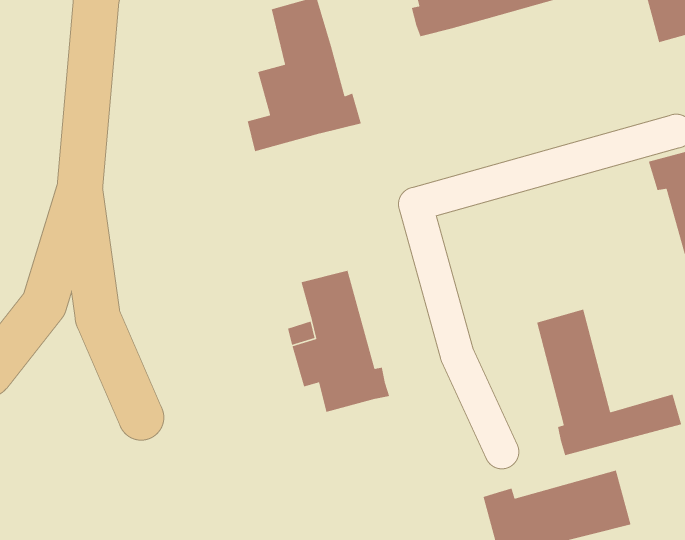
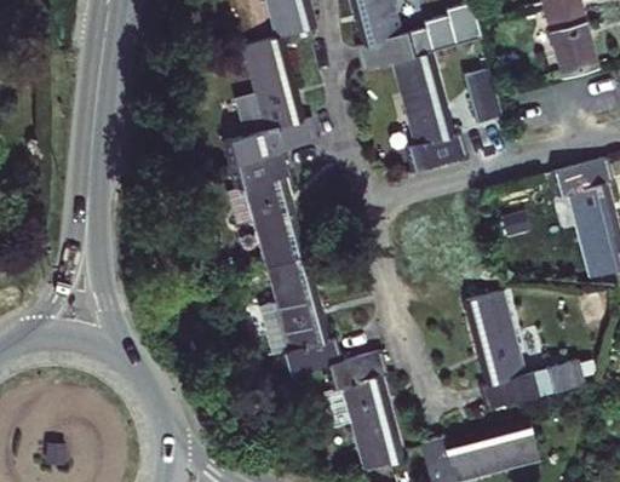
building: none -> [394,52,467,171]
building: none -> [461,69,500,124]
building: none -> [228,149,308,269]
building: none -> [327,351,400,471]

